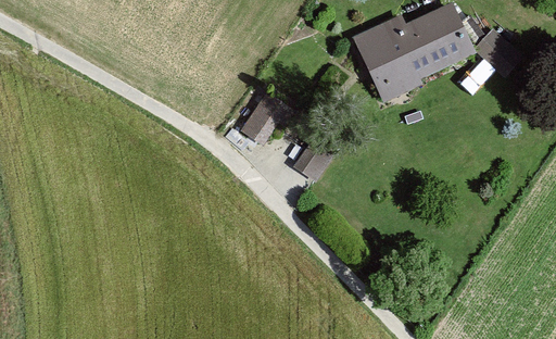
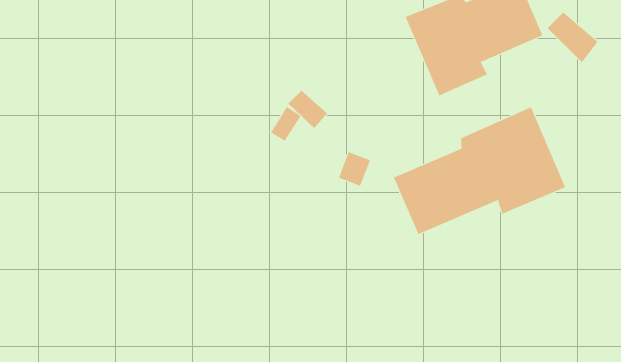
building: none -> [393,107,566,235]

